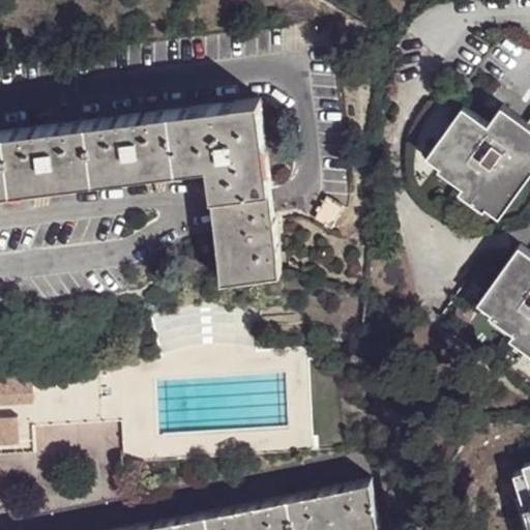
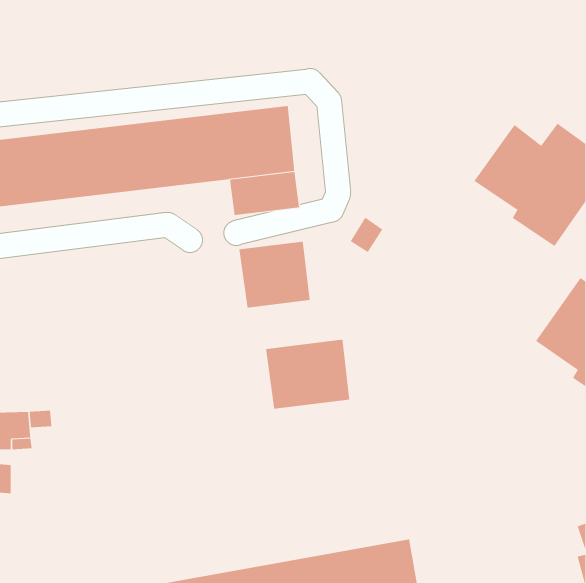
building: [209,194,271,231] -> none
building: none -> [266,339,350,410]

